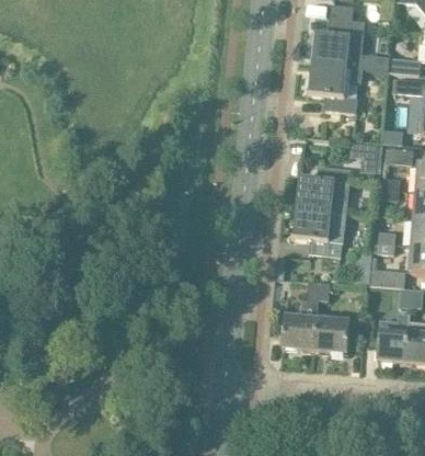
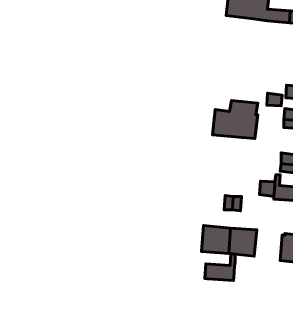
building: [309,61,363,112] -> none
building: [294,206,347,255] -> none
building: none -> [205,254,235,281]

